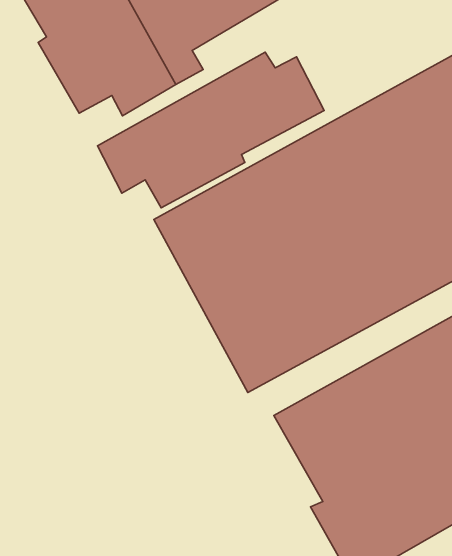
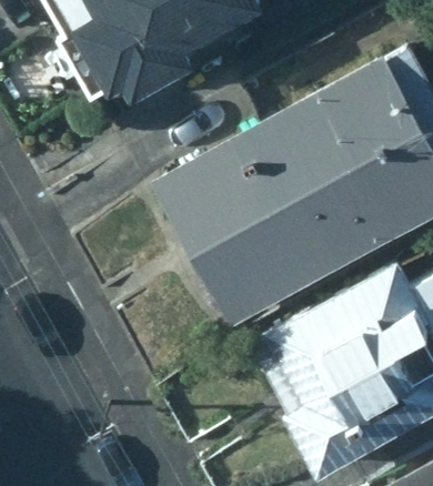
building: [97,52,324,208] -> none

